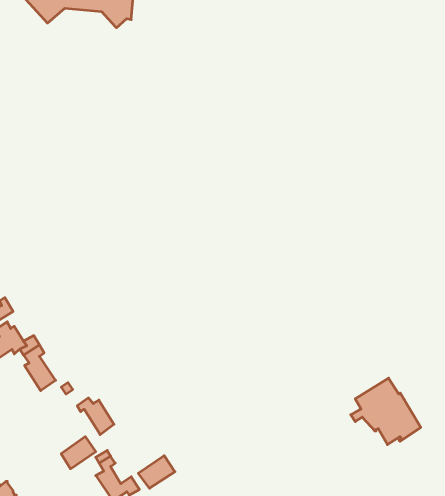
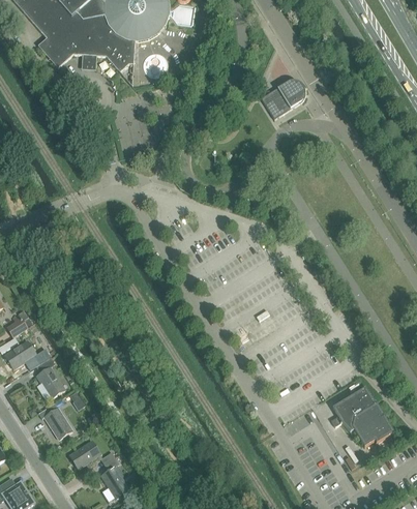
building: none -> [260,80,305,119]
building: [77,398,114,435] -> [38,406,71,439]
building: [138,456,175,488] -> none

